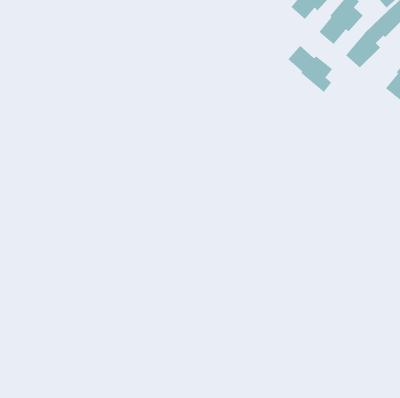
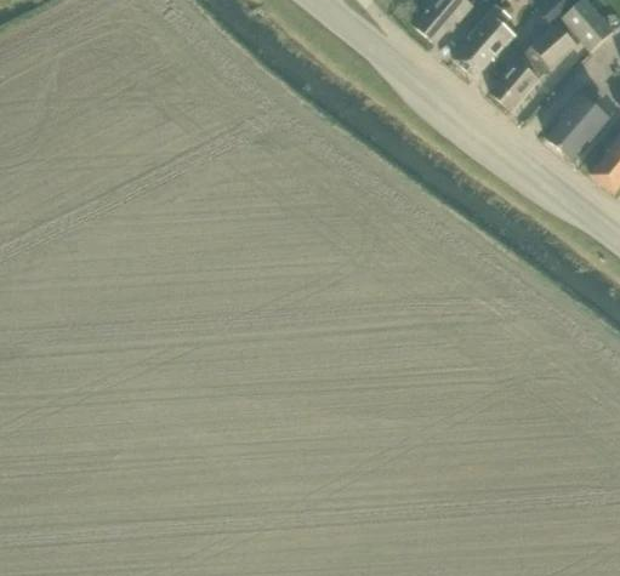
building: [287,45,333,93] -> none

